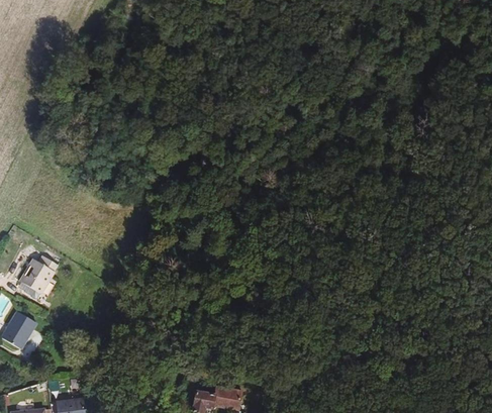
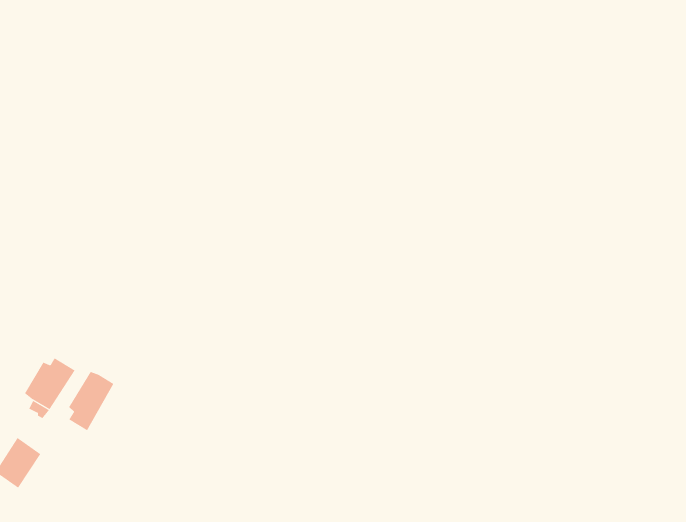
building: none -> [69,371,114,431]

